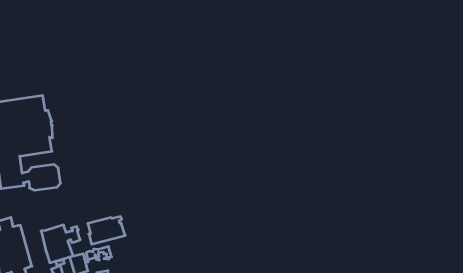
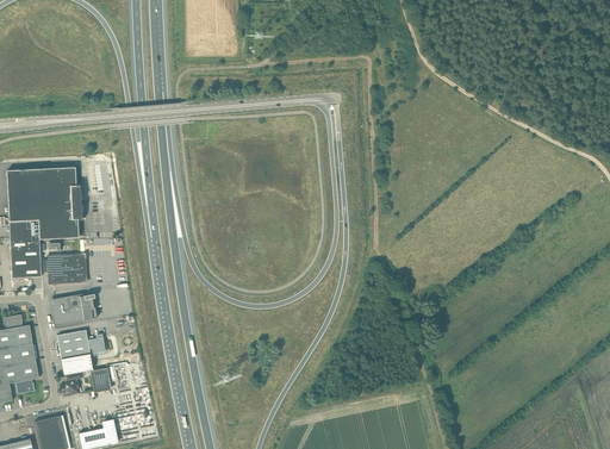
building: [88,217,125,244] -> [51,293,97,324]

